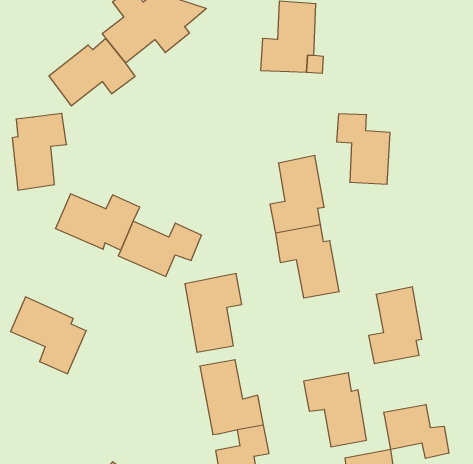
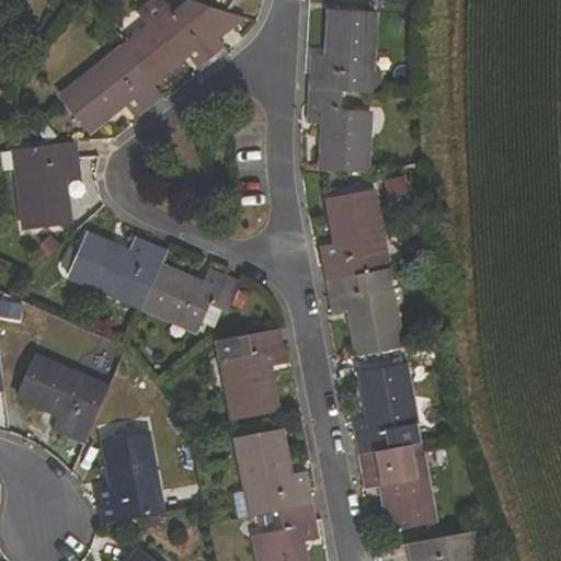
building: [337,114,390,184] -> [307,89,369,171]
building: [369,287,422,364] -> [353,363,415,453]
building: none -> [94,431,158,522]
building: [384,404,449,458] -> none

